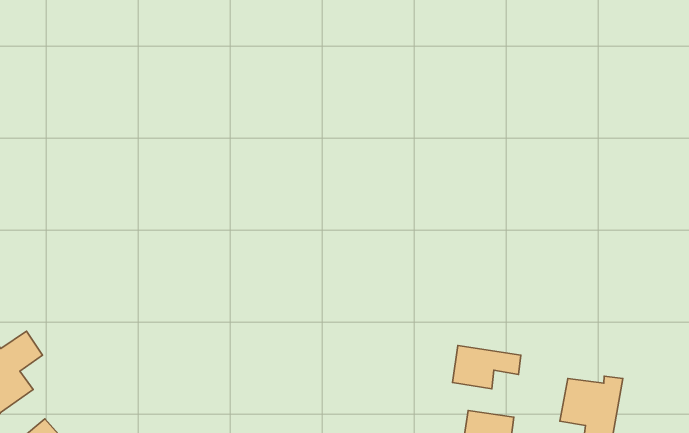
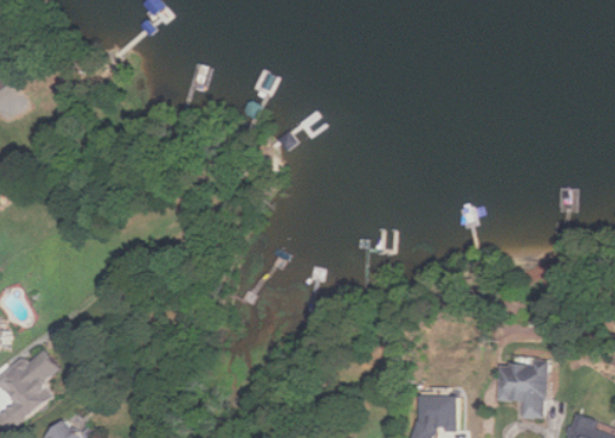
building: [452,346,521,389] -> none

